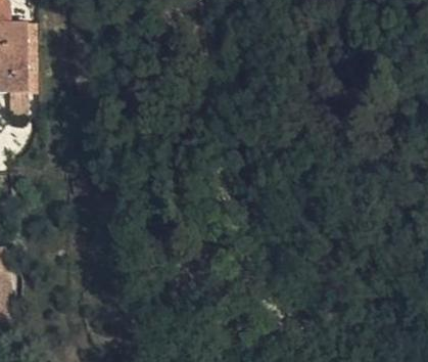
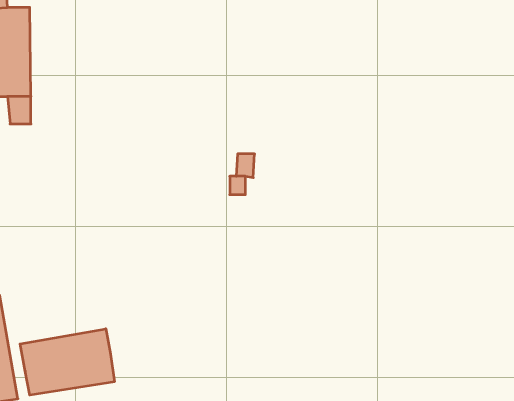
building: none -> [20,329,114,395]

